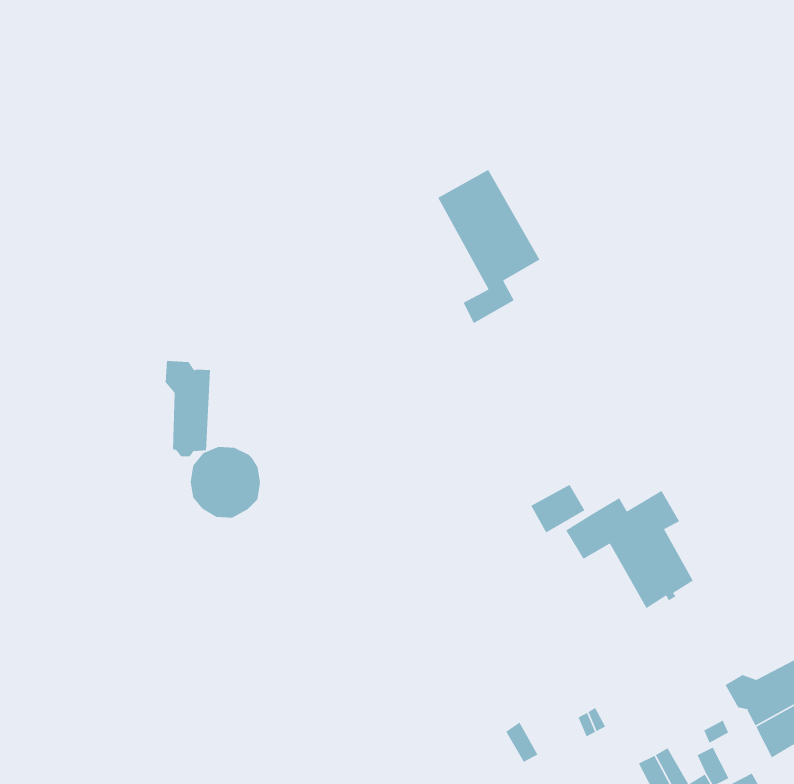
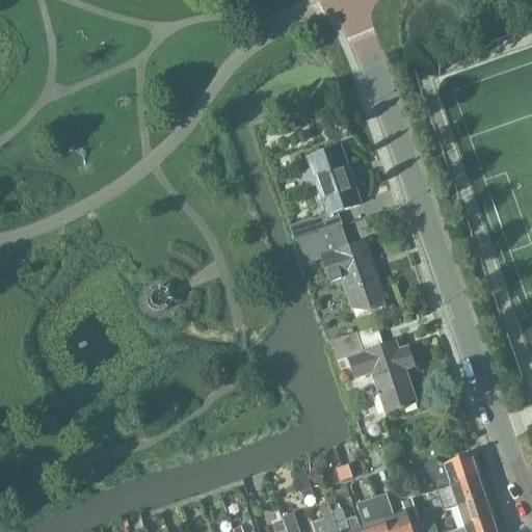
building: none -> [299,223,387,315]
building: [165,360,211,457] -> none

